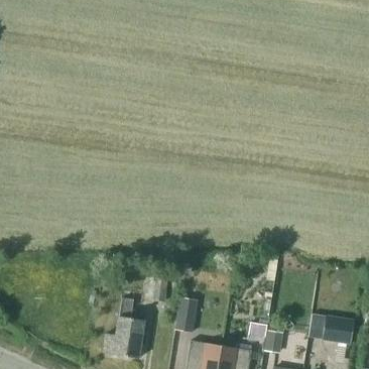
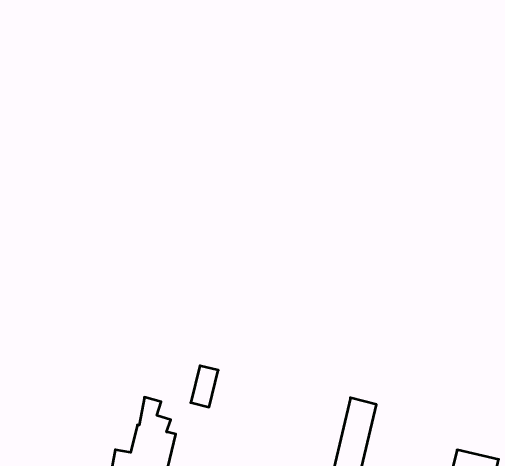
building: [175,298,197,333] -> none

